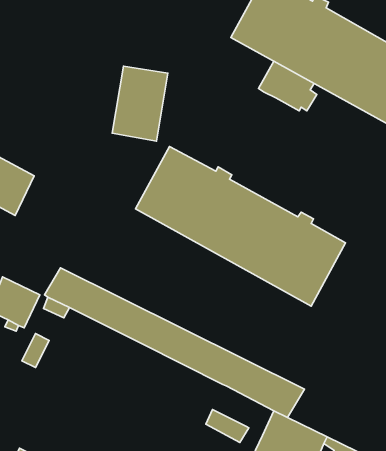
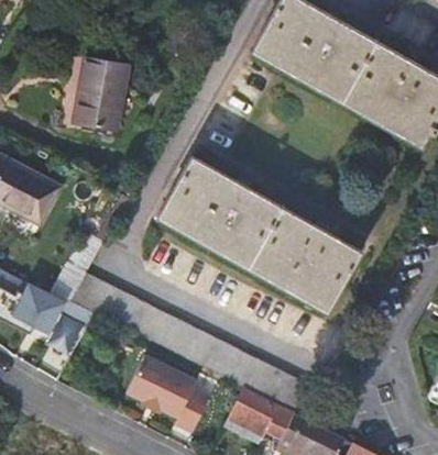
building: [259,61,317,111] -> none
building: [112,66,168,141] -> [73,58,127,131]
building: none -> [132,357,209,431]
building: none -> [232,388,292,436]

